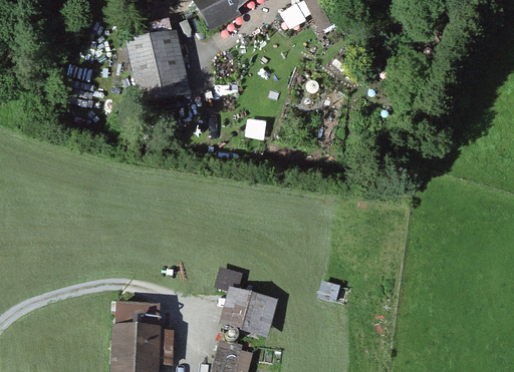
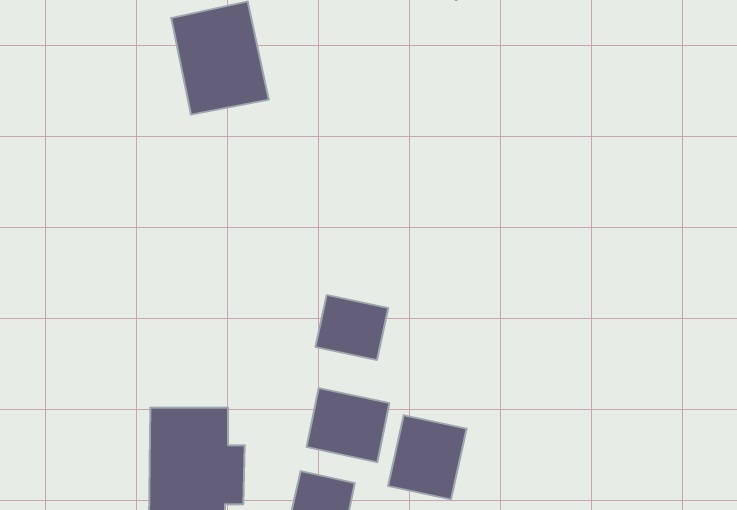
building: none -> [315,295,388,360]
building: none -> [388,415,466,499]

